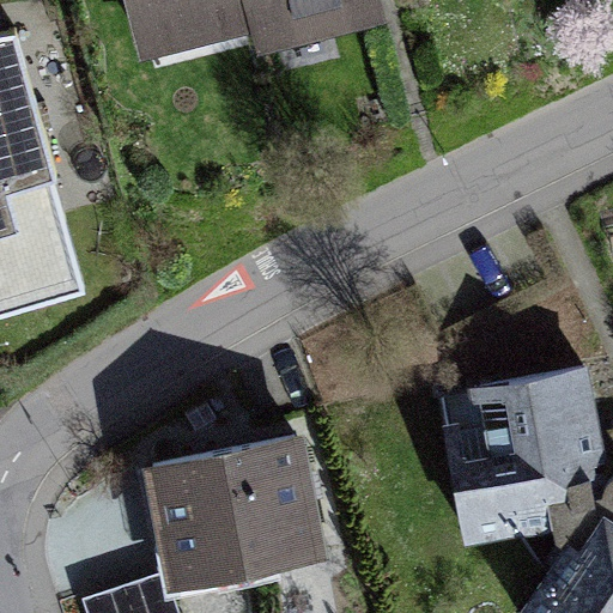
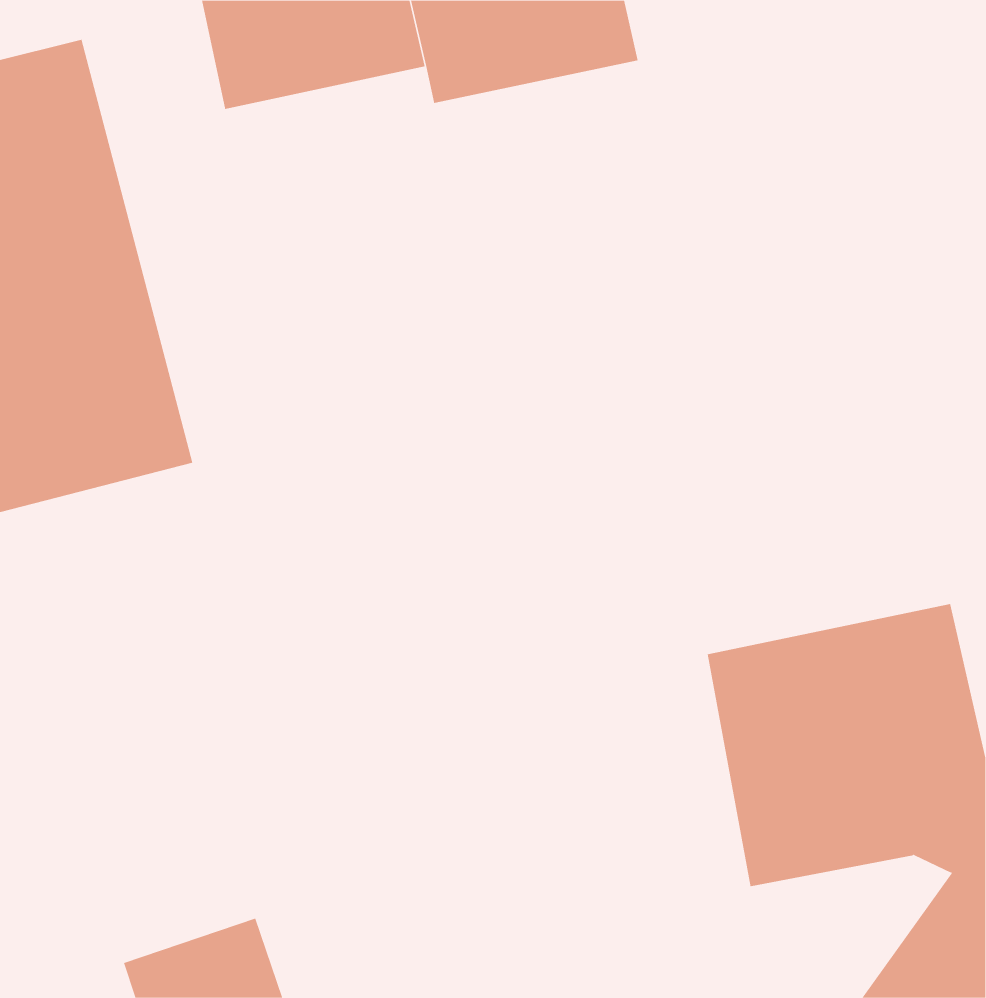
building: [148,436,316,594] -> none

